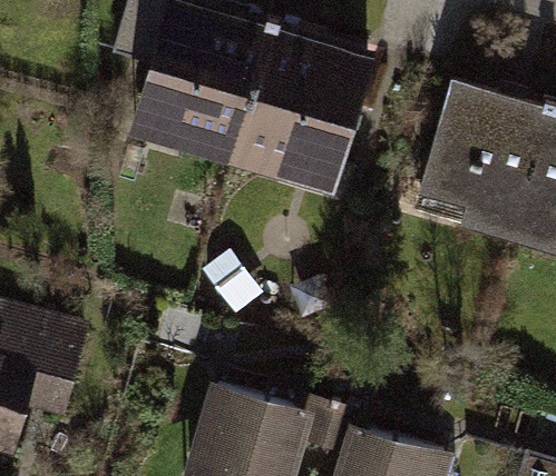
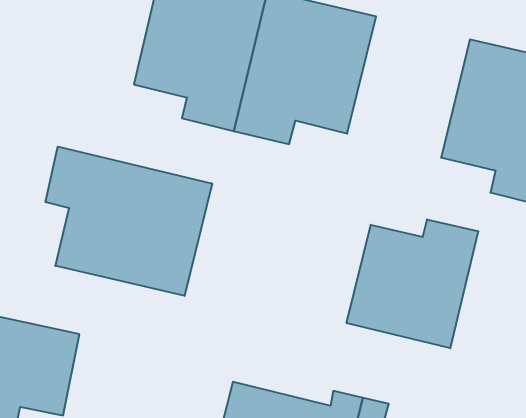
building: none -> [45,147,212,296]
building: none -> [347,219,478,348]

